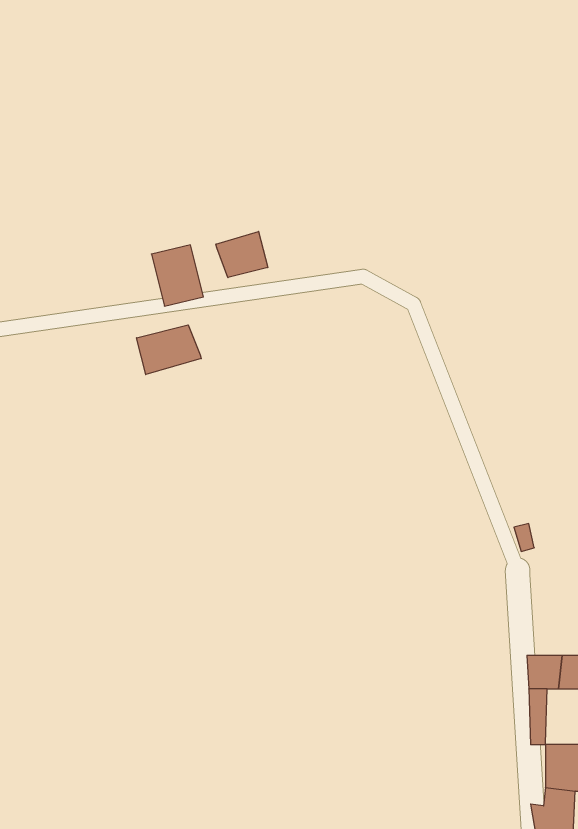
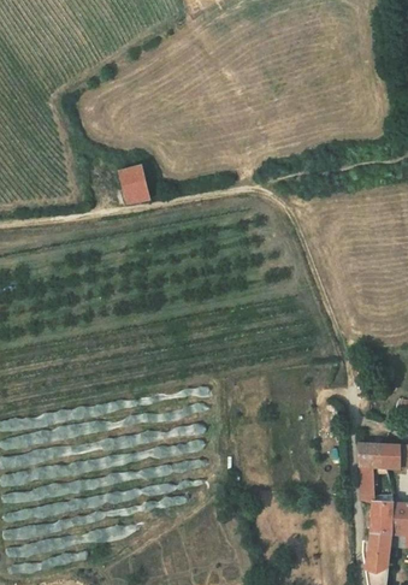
building: [216,231,268,278] -> none
building: [137,325,201,375] -> none

